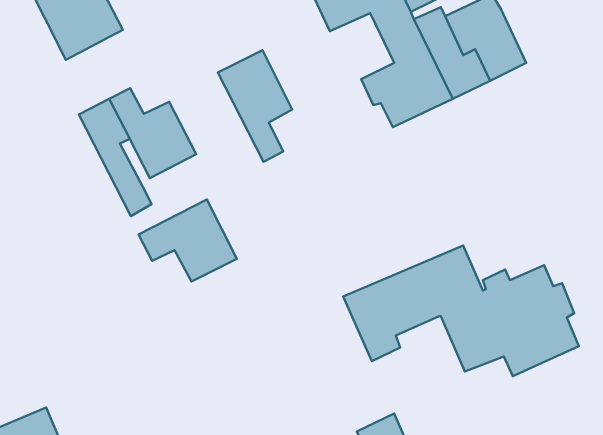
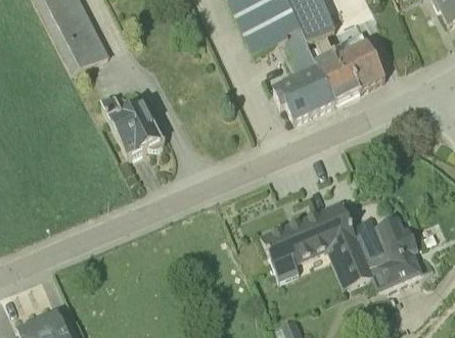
building: [218,50,292,162] -> none
building: [79,99,152,216] -> none
building: [138,199,237,282] -> none

